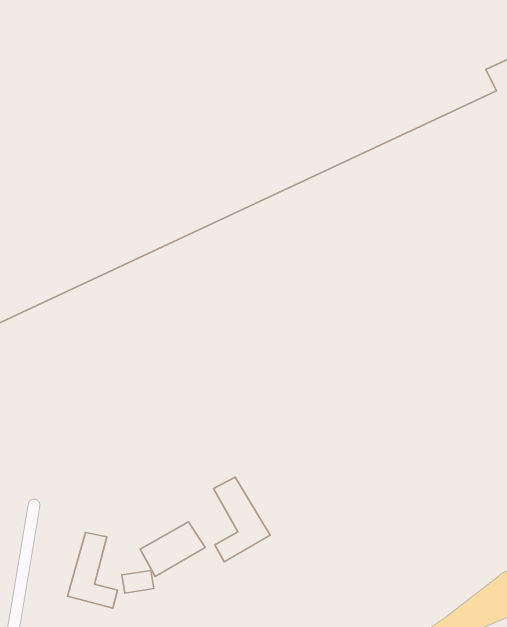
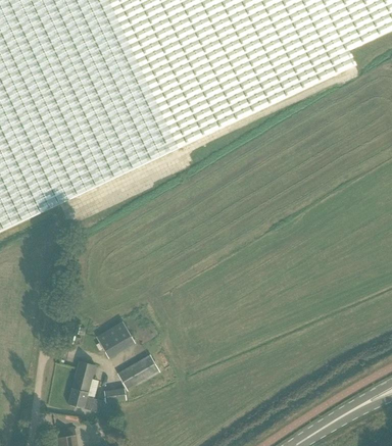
building: none -> [96,319,136,357]
building: [214,477,270,562] -> none

